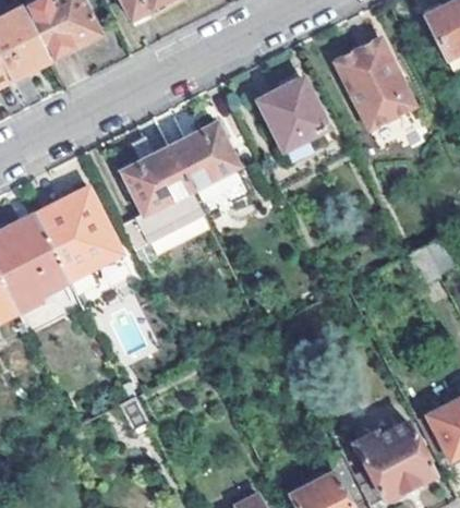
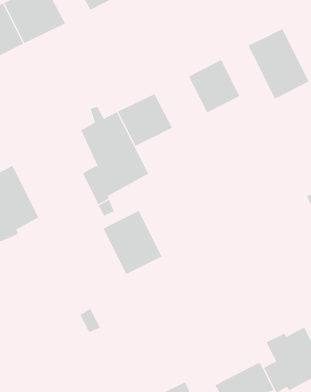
building: [35,188,121,281] -> none
building: none -> [103,210,162,275]

